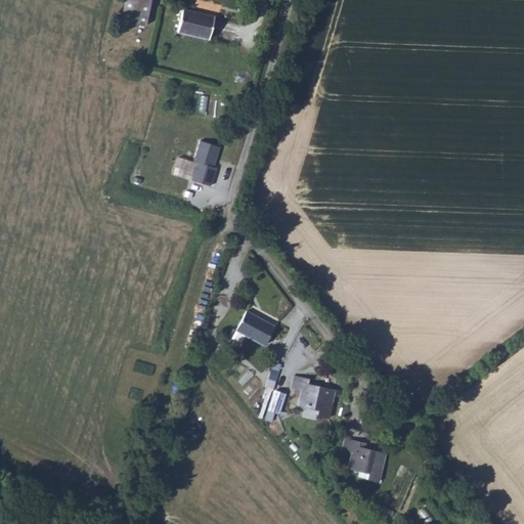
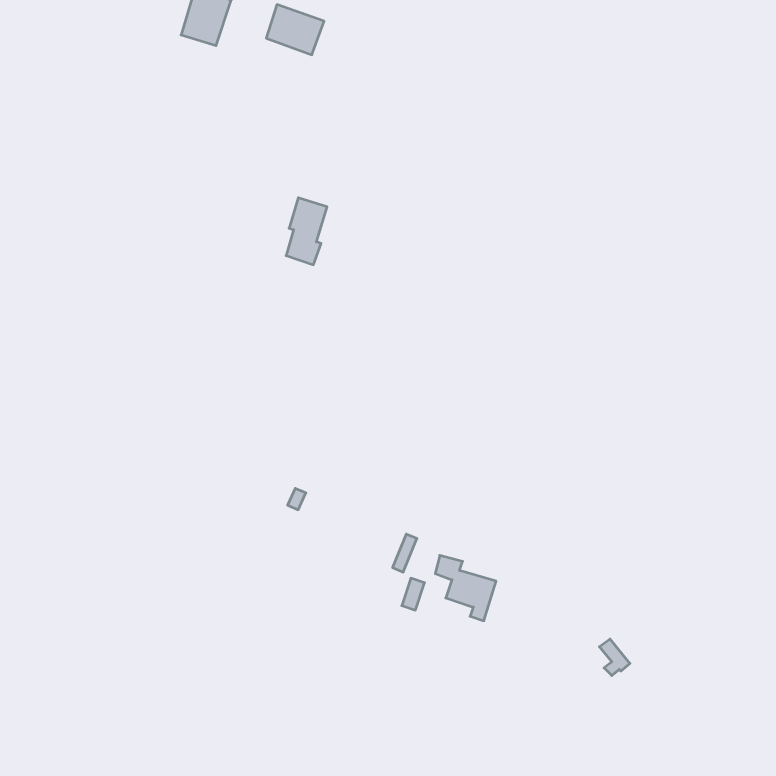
building: [239,316,277,346] -> none
building: [340,441,382,489] -> none

